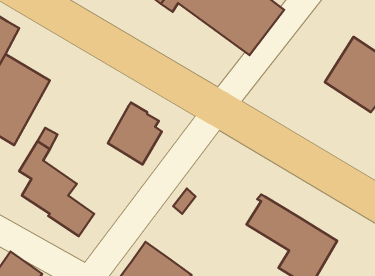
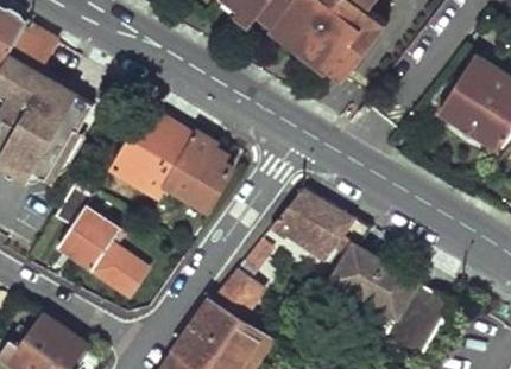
building: none -> [114,112,193,198]
building: none -> [275,190,373,257]
building: none -> [213,273,266,326]

